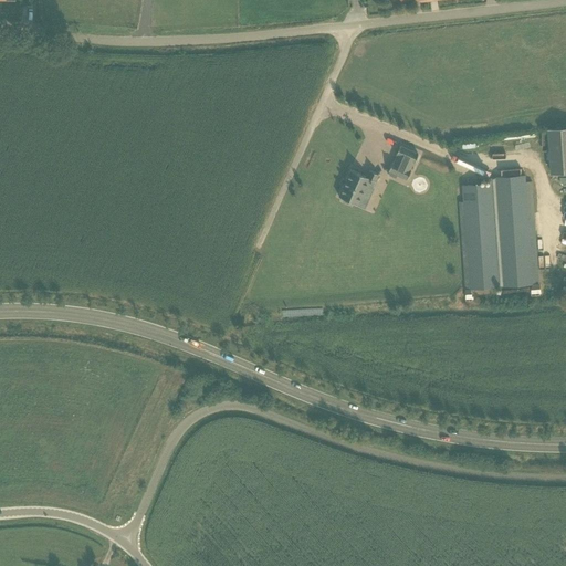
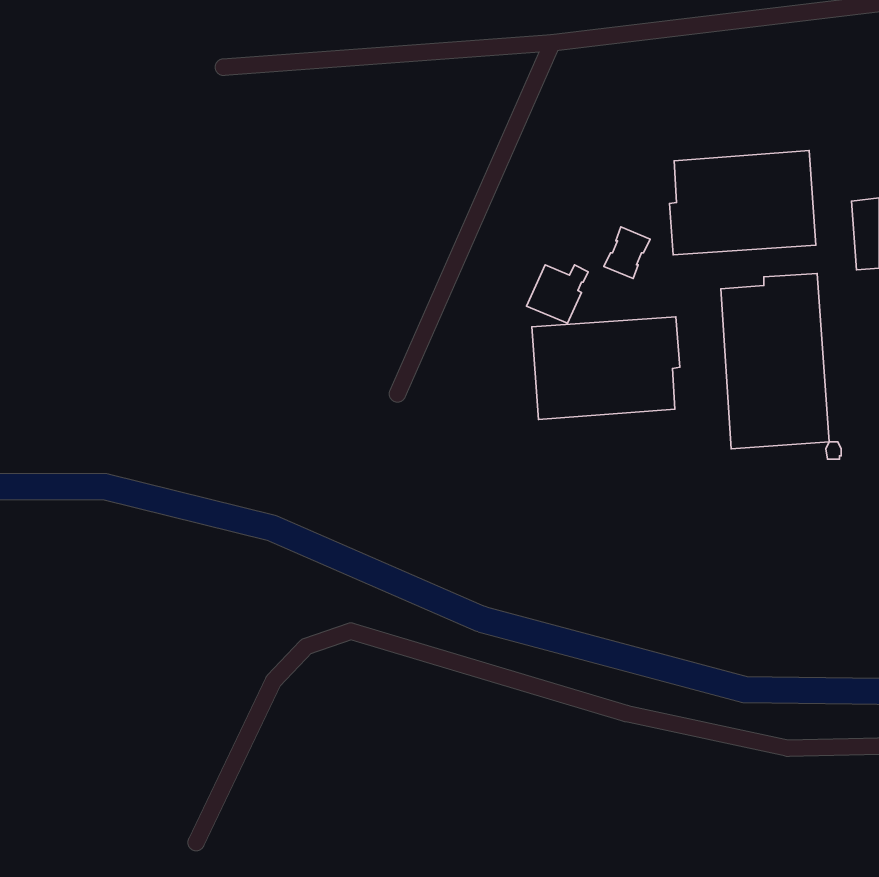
building: none -> [669,151,816,255]
building: none -> [532,317,680,419]

